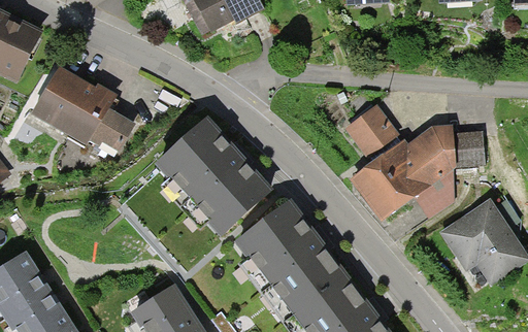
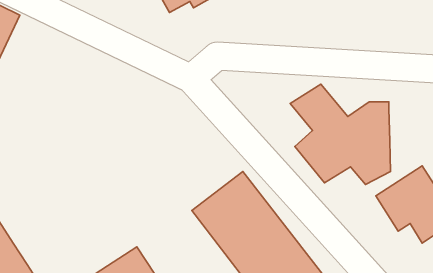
building: [32,64,133,151] -> none
building: [151,122,270,242] -> none
building: [455,134,483,169] -> none

